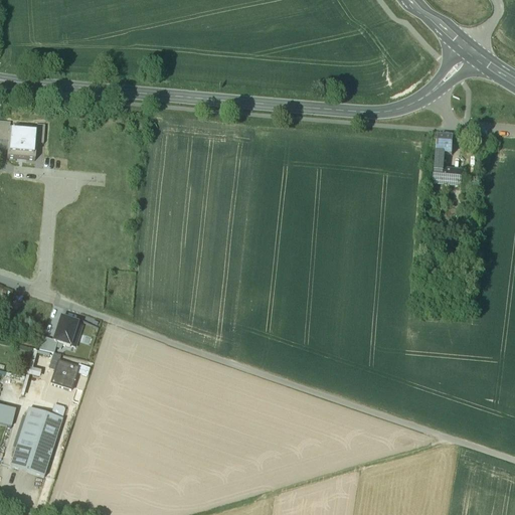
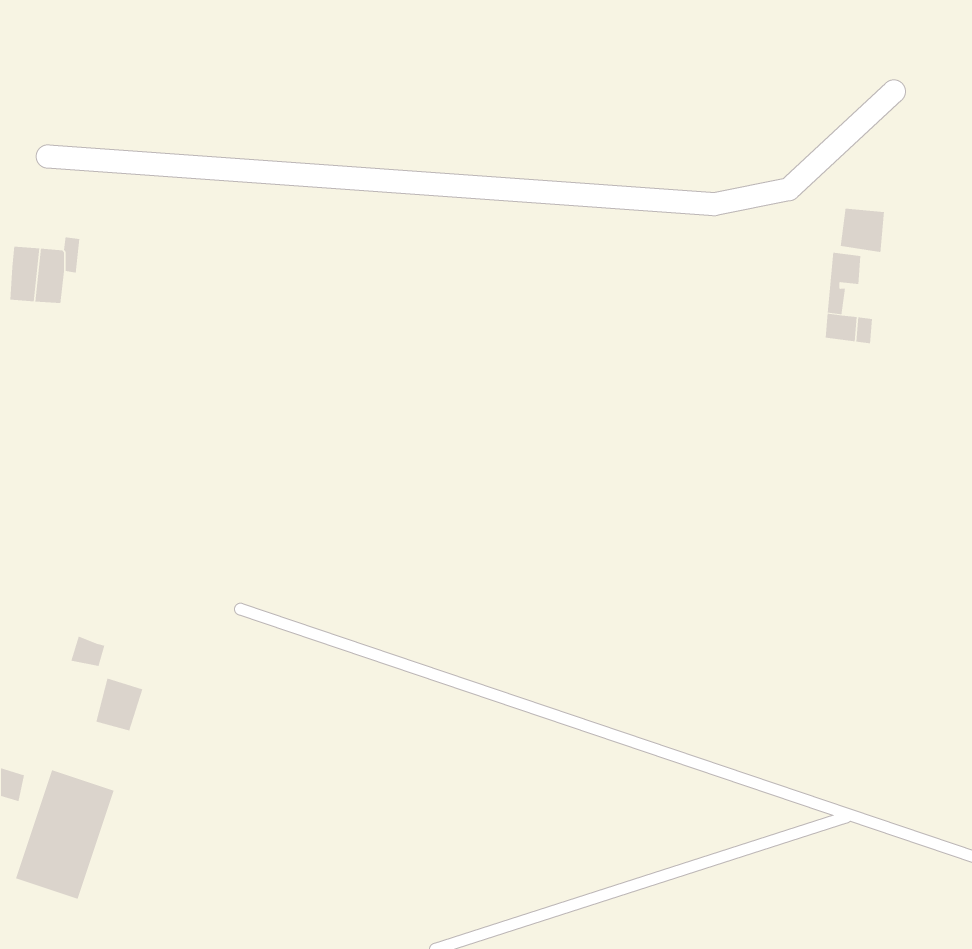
building: none -> [840,208,885,253]
building: [53,316,77,344] -> none

